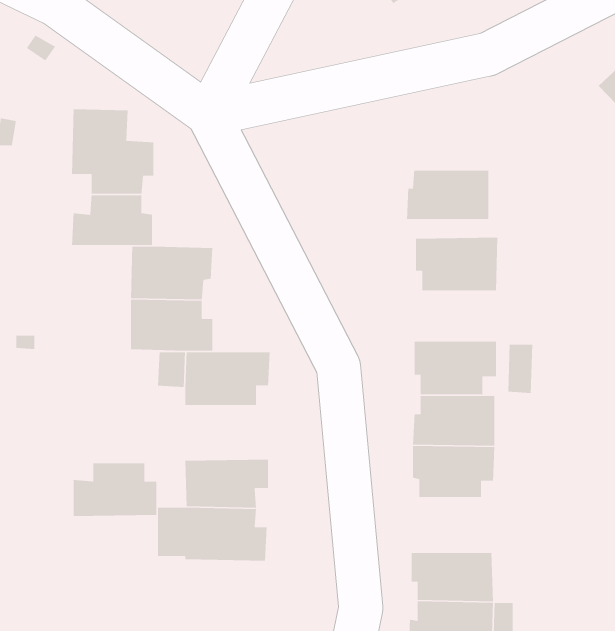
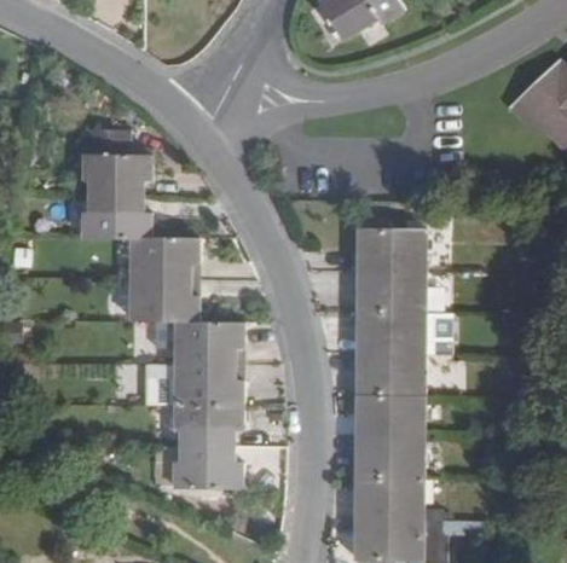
building: [406,170,489,220] -> [358,272,424,312]
building: [73,463,157,517] -> [174,364,242,407]
building: none -> [355,437,423,481]

